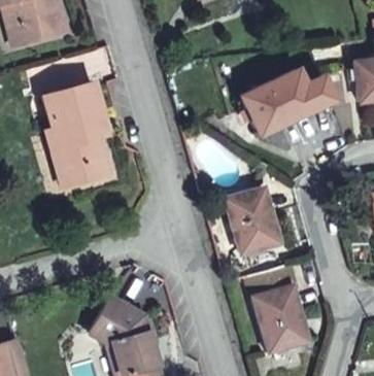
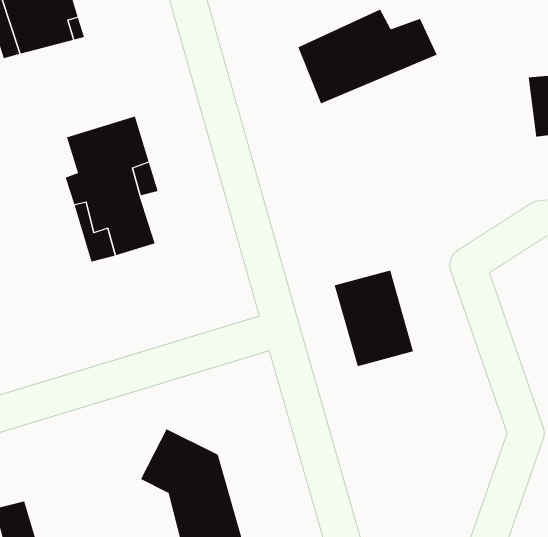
building: [243,67,337,131] -> [297,9,437,104]
building: [247,266,306,352] -> none

